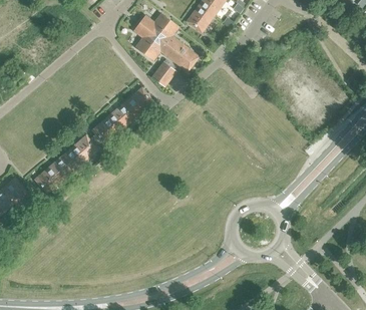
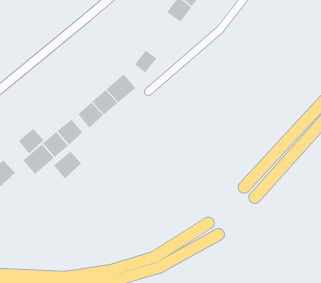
building: [133,13,200,71] -> none
building: none -> [18,128,44,154]
building: none -> [53,151,82,179]

